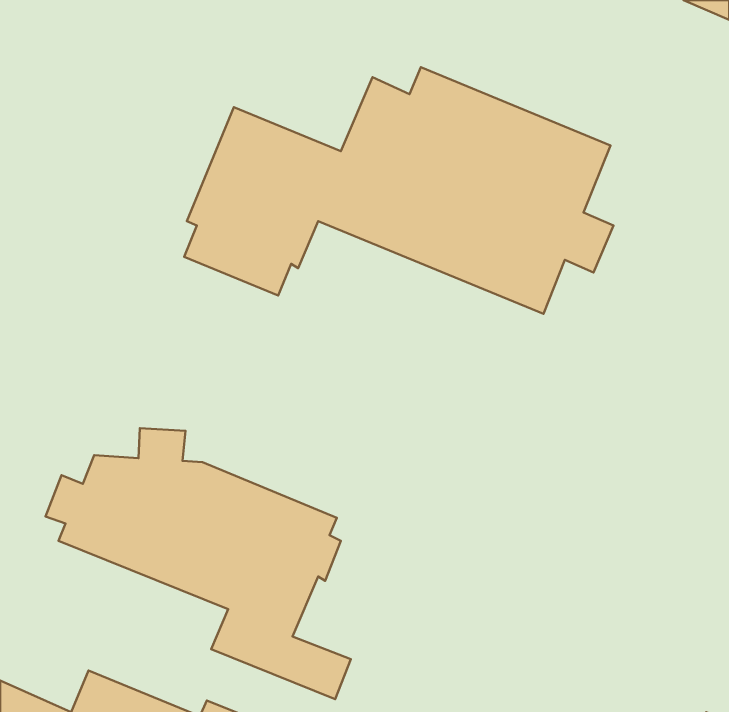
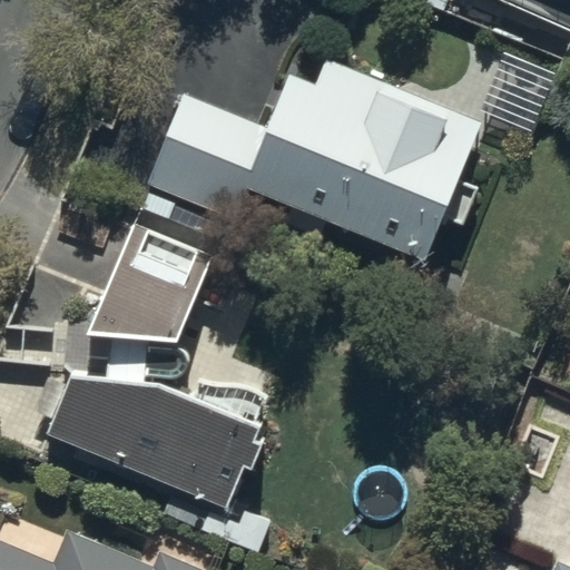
building: none -> [91,224,209,325]

